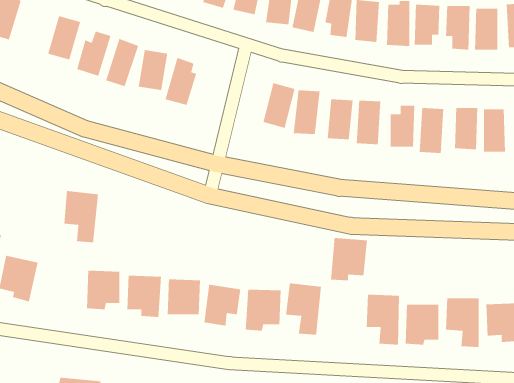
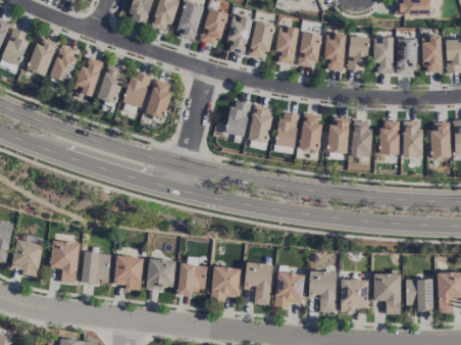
building: none -> [27,38,58,76]
building: [64,190,99,243] -> [51,240,80,283]
building: [330,237,368,281] -> [274,272,305,307]

